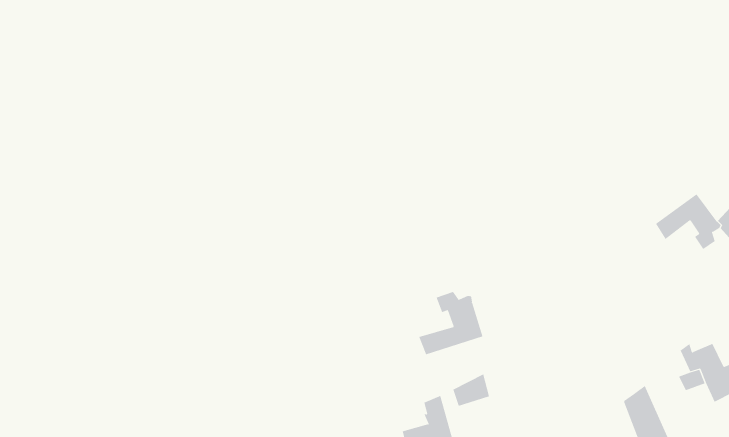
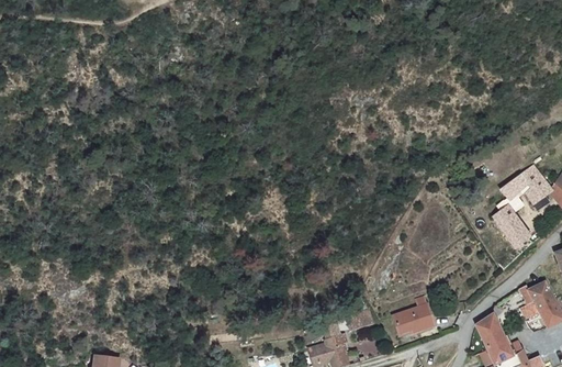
building: none -> [493,205,529,247]
building: [419,291,483,355] -> none
building: none -> [394,296,435,332]

